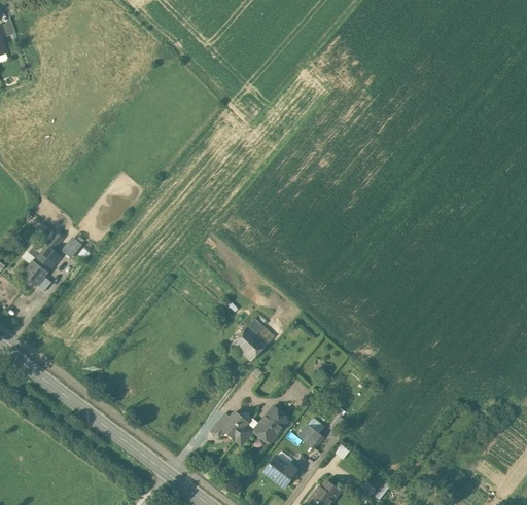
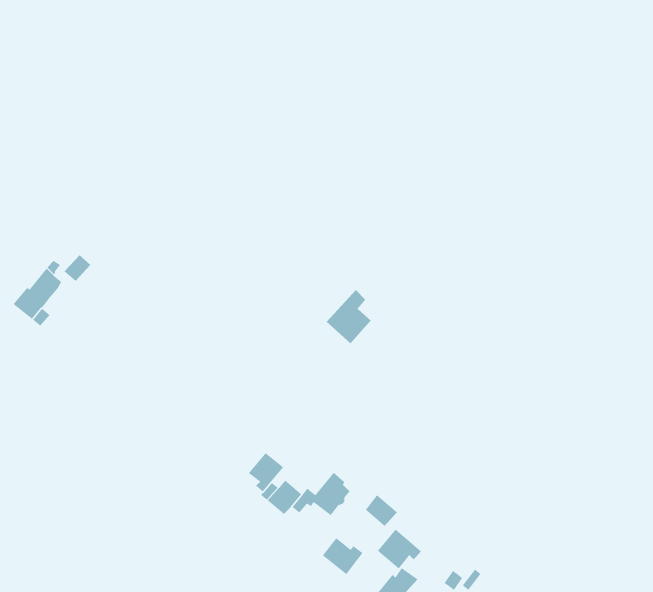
building: [232,318,268,361] -> [326,289,372,344]
building: none -> [248,452,284,492]
building: none -> [377,529,422,569]

